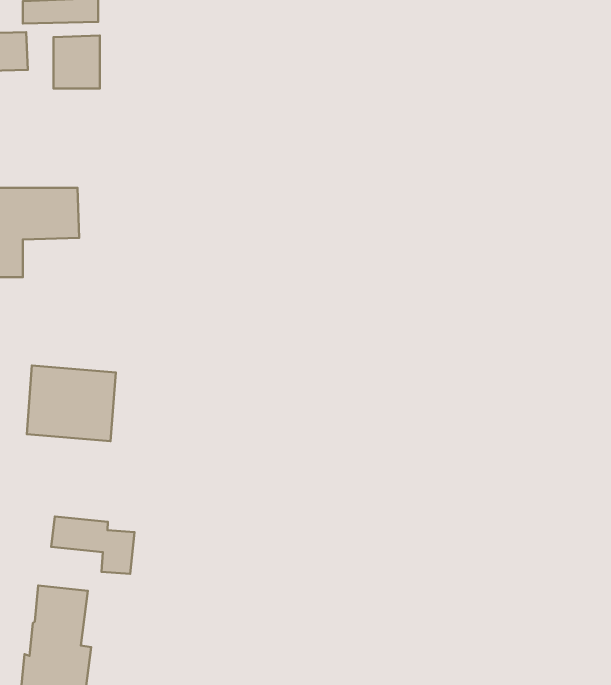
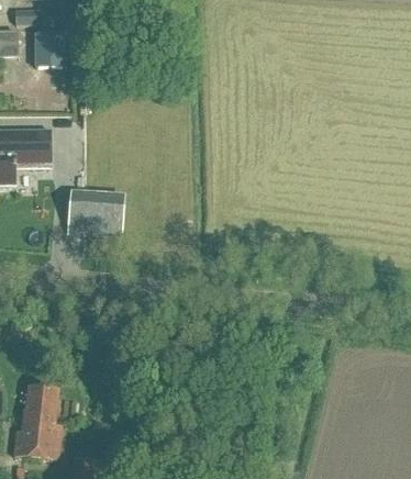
building: [27,366,116,441] -> [68,188,125,236]
building: [51,516,135,574] -> none

